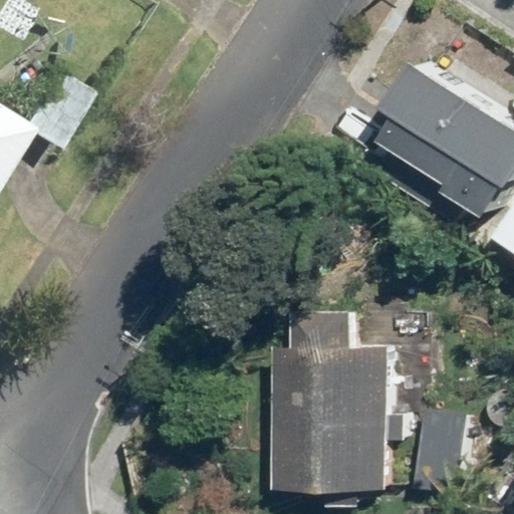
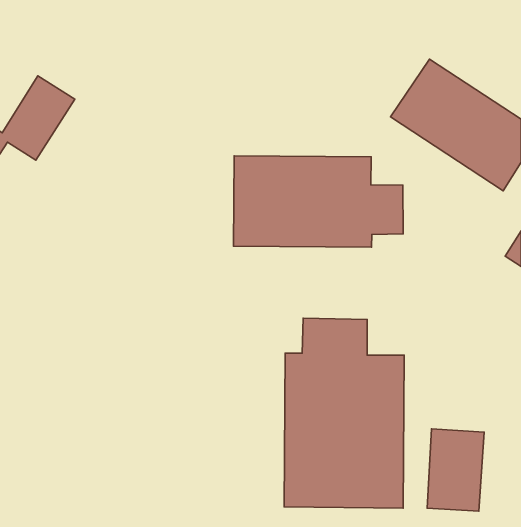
building: none -> [234,156,403,247]

